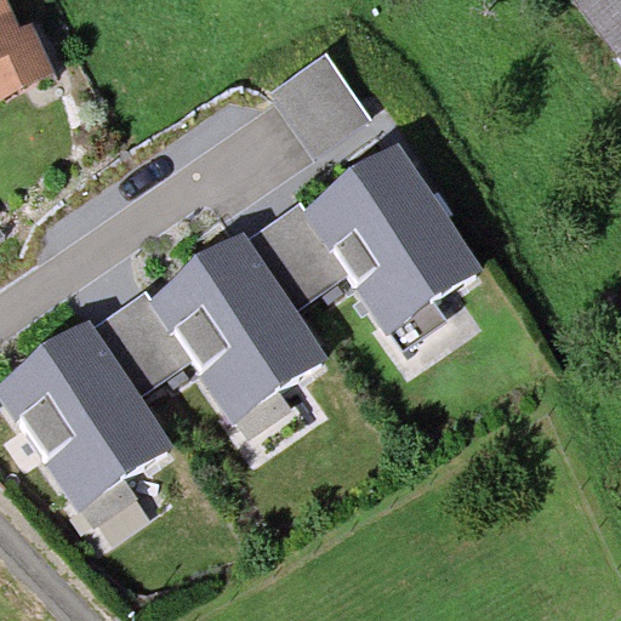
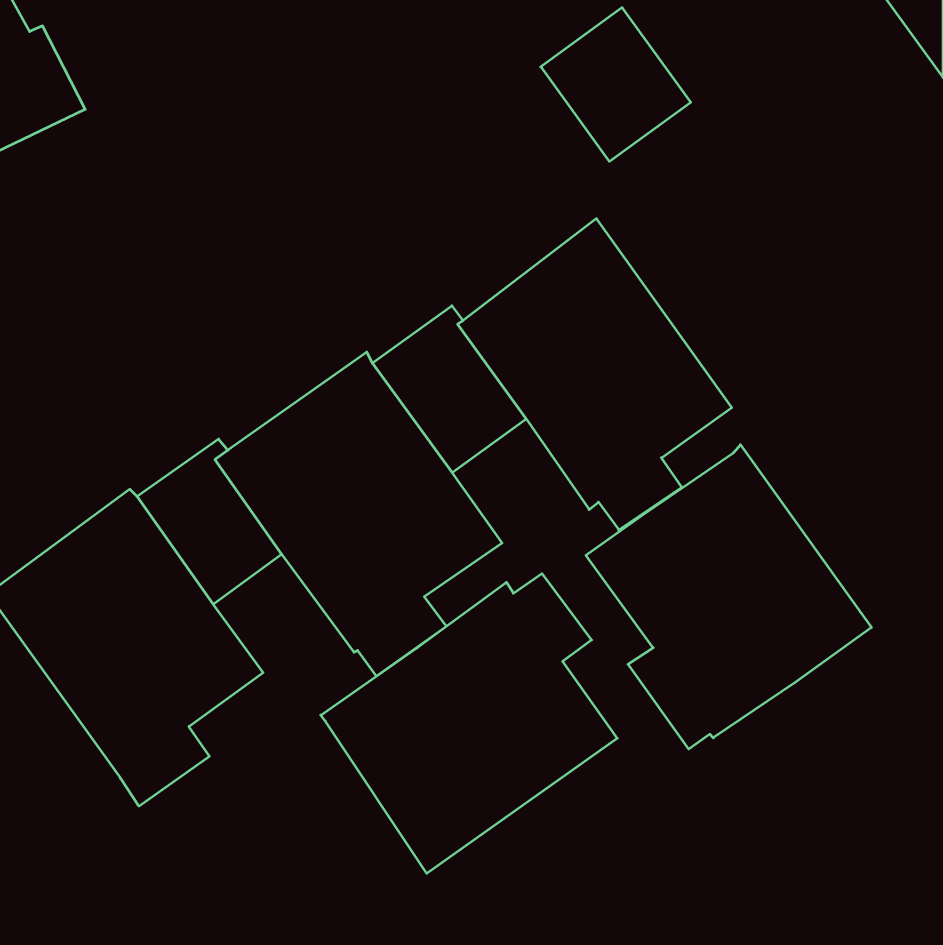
building: [269,55,368,155] -> [541,8,691,161]
building: none -> [586,445,871,749]
building: none -> [321,574,617,873]

